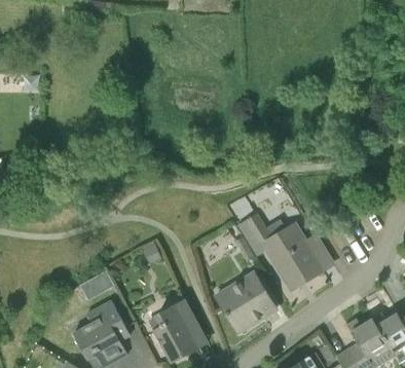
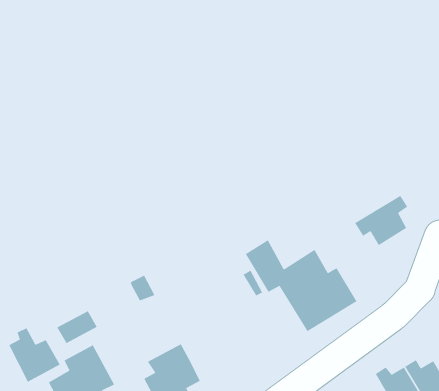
building: none -> [354,195,408,246]
building: [214,271,271,332] -> none
building: none -> [8,327,61,383]

